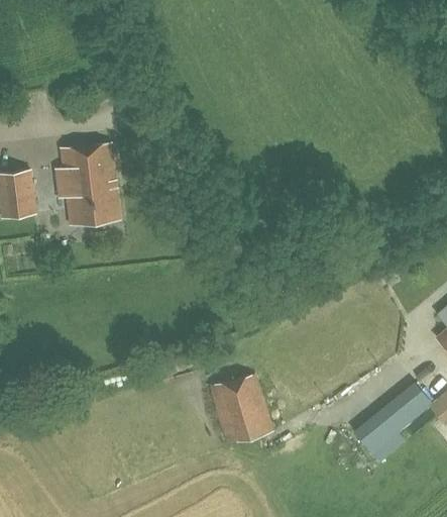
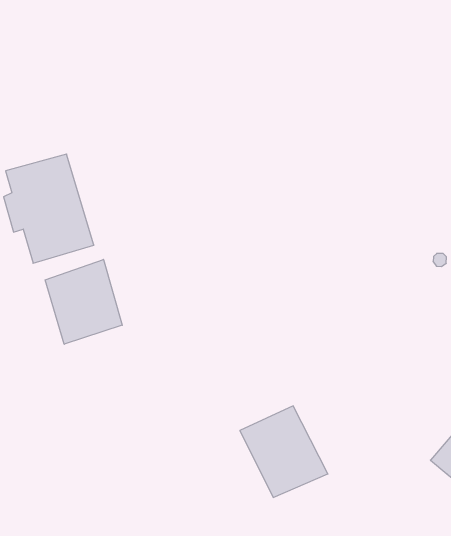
building: none -> [45,259,122,344]

